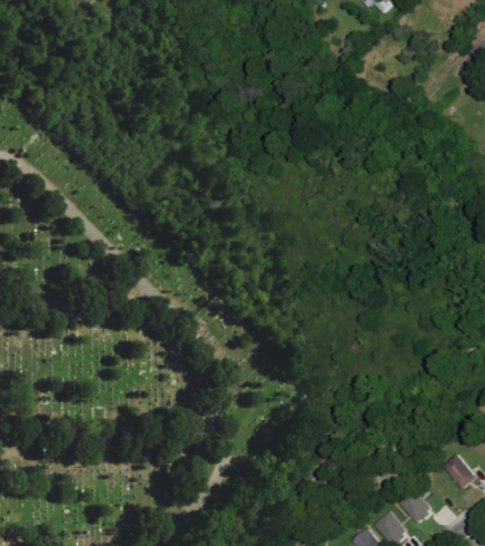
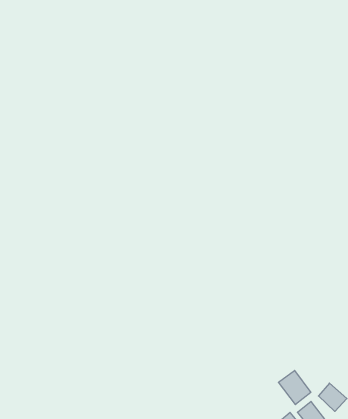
building: none -> [278,370,311,405]

